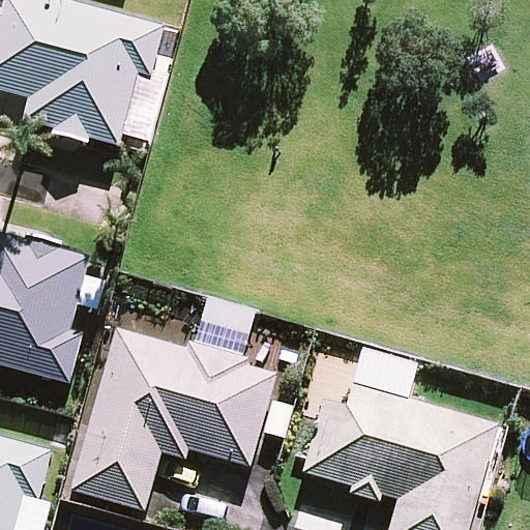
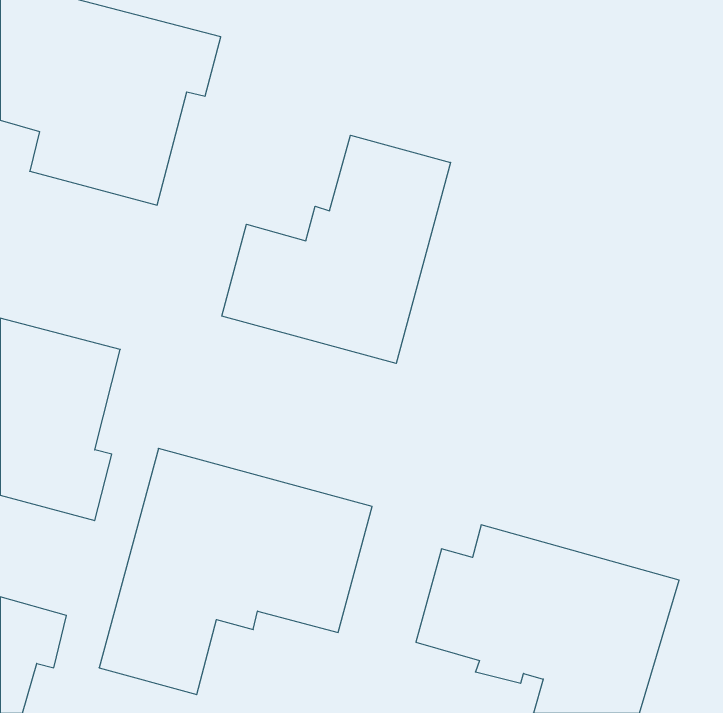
building: none -> [222,135,451,363]

